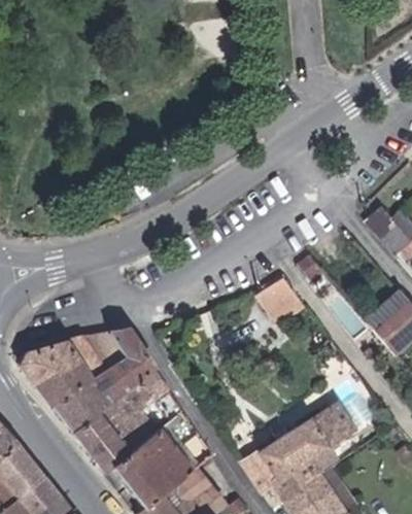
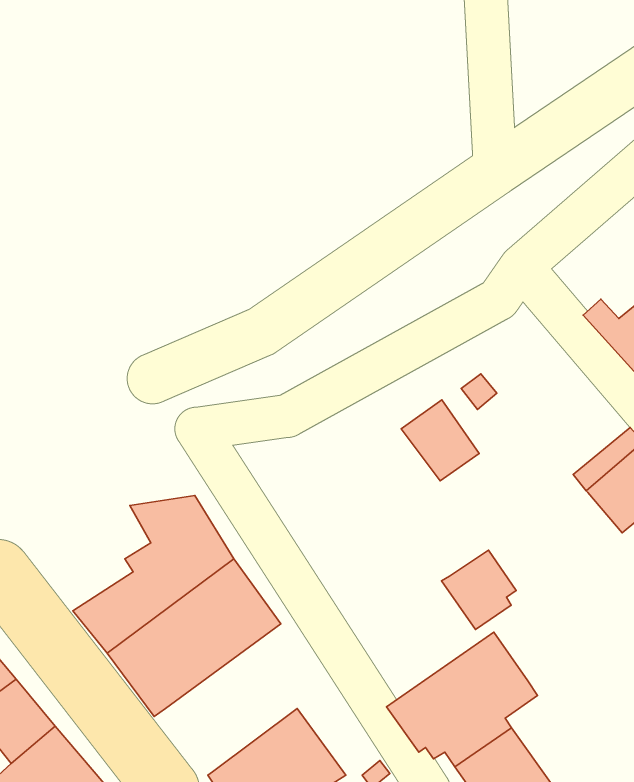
building: [14,337,97,404] -> none
building: [314,398,362,448] -> [441,550,516,630]
building: [106,412,209,506] -> none

